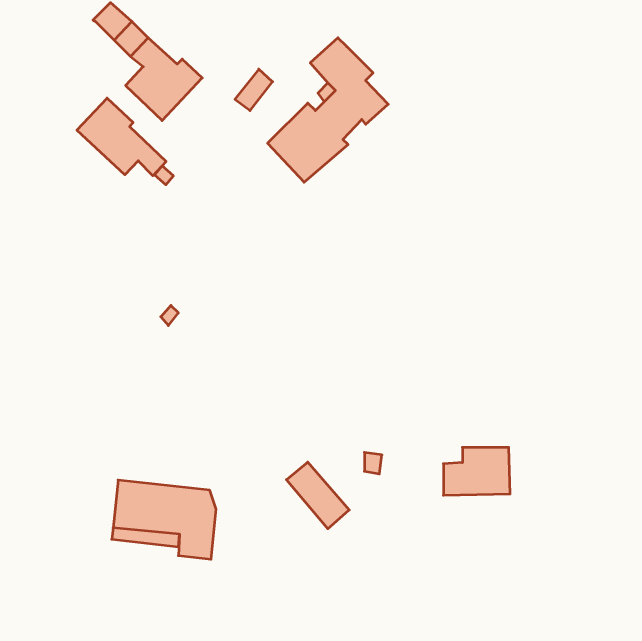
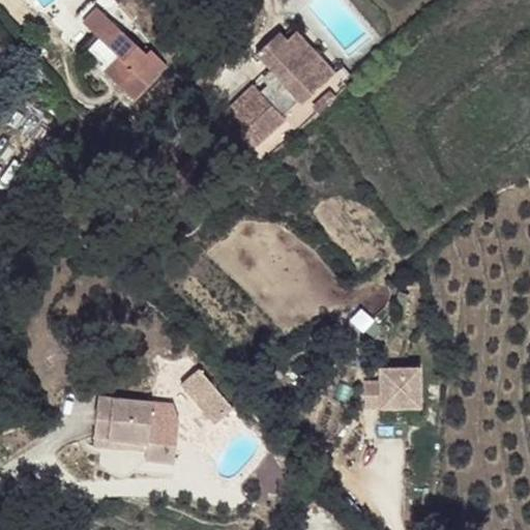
building: none -> [286,30,335,86]
building: [77,98,166,176] -> none
building: [286,462,349,529] -> [181,366,233,421]

